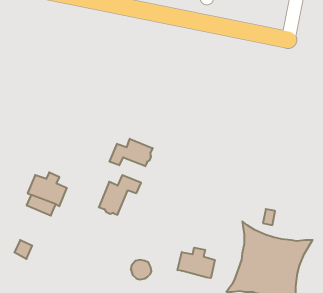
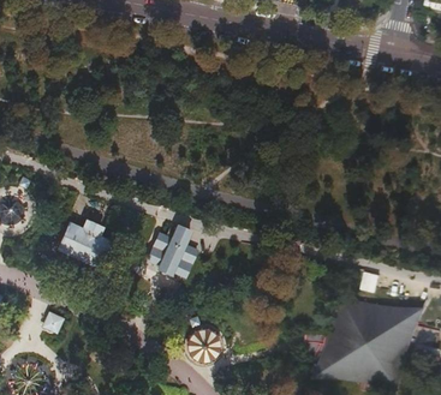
building: [110,139,153,166] -> none
building: [178,248,215,278] -> none

